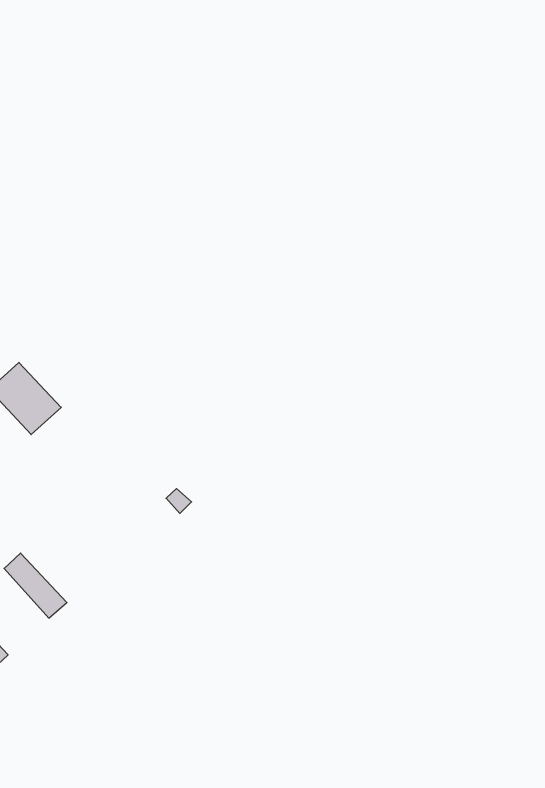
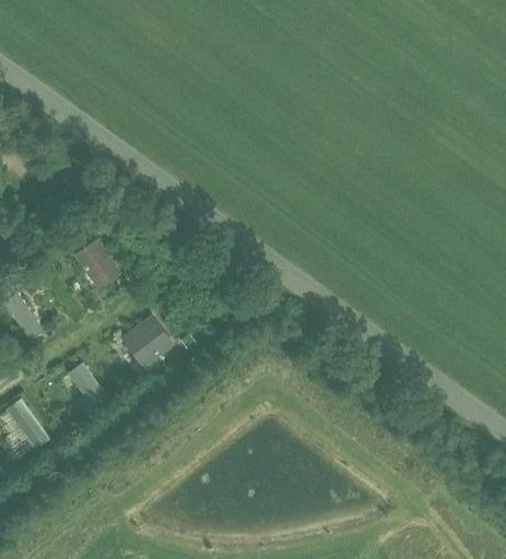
building: none -> [123,320,170,366]

